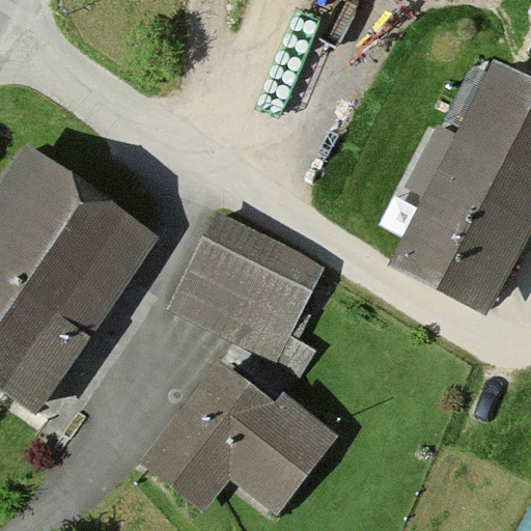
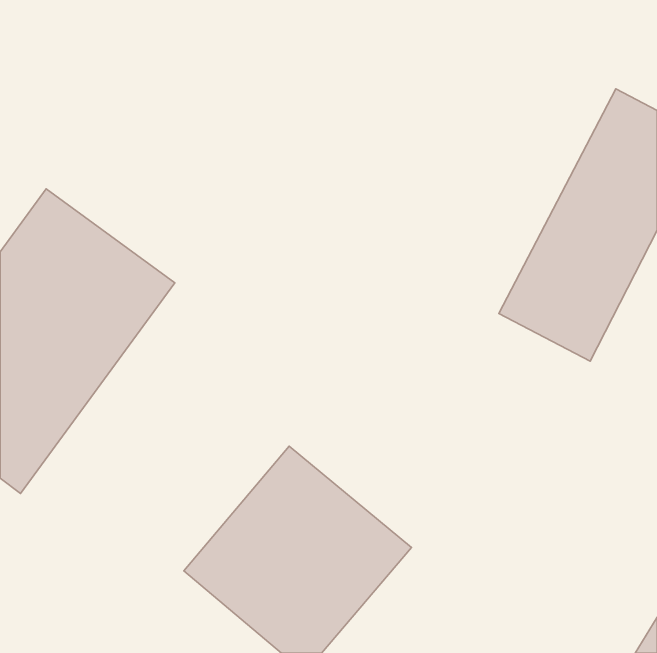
building: [177,215,318,347] -> none

